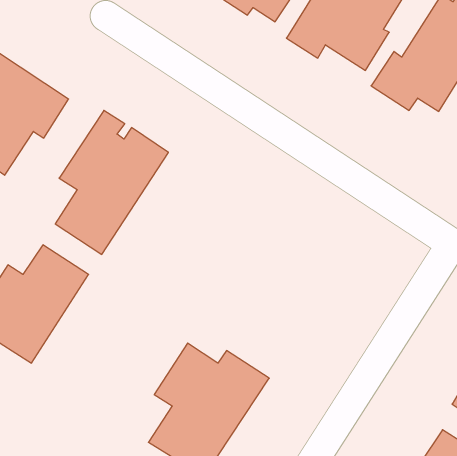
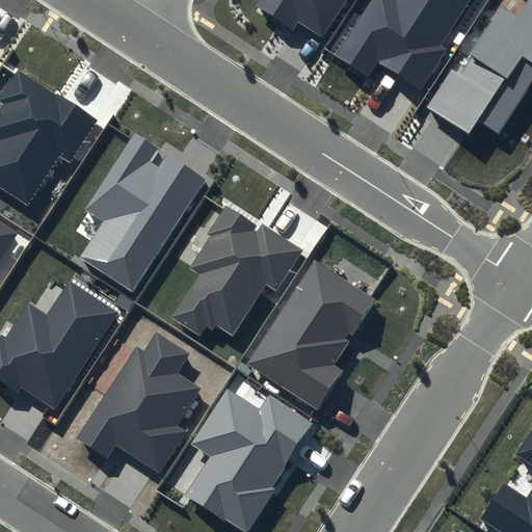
building: none -> [172,206,302,337]
building: none -> [246,260,375,409]
building: none -> [77,331,202,474]

